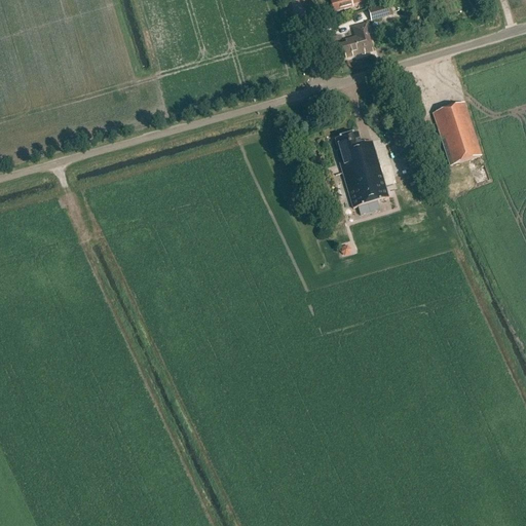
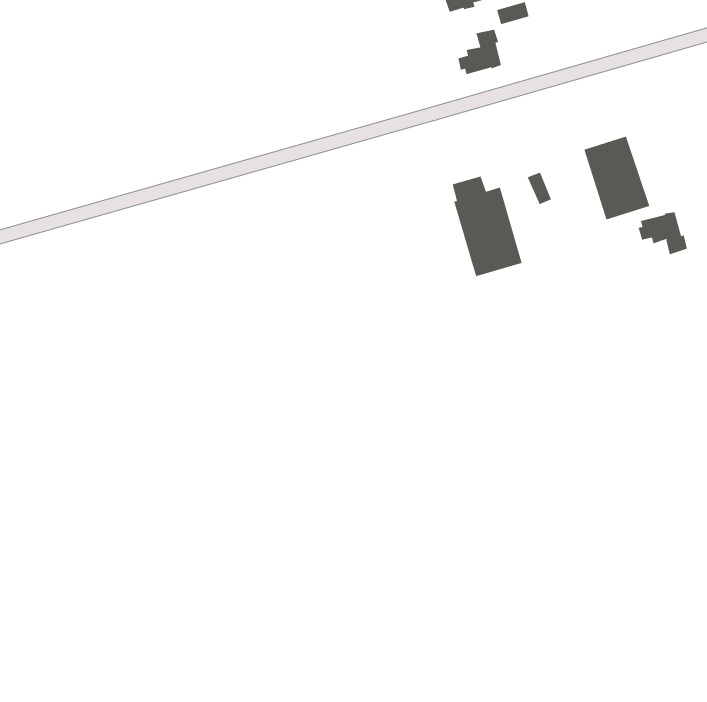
building: none -> [638,211,688,255]

